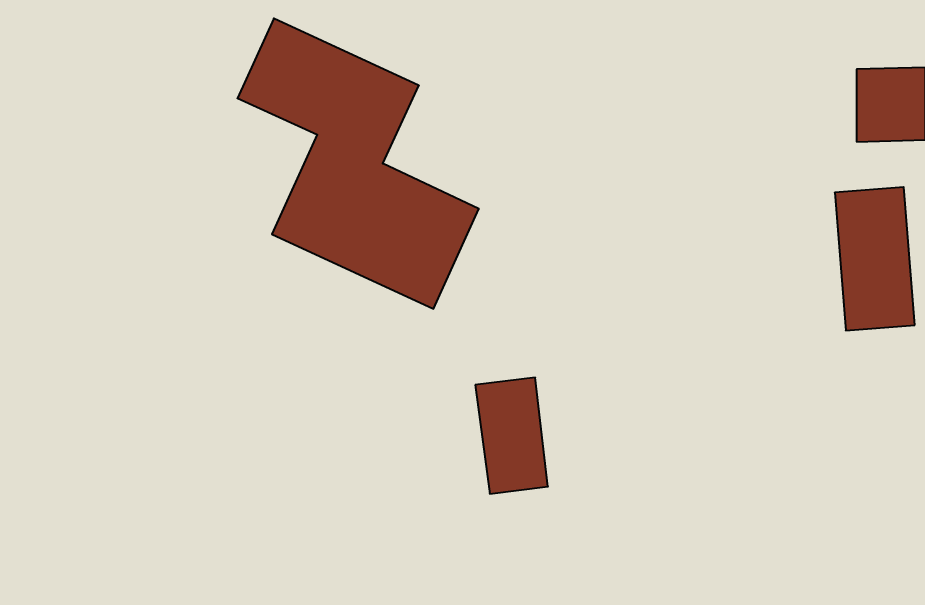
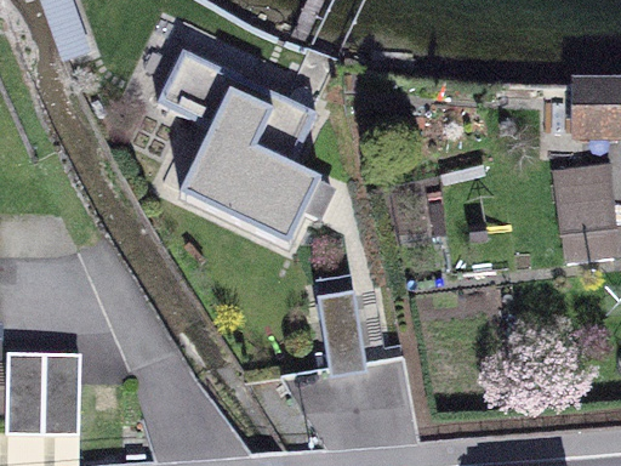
building: none -> [6,359,81,431]

